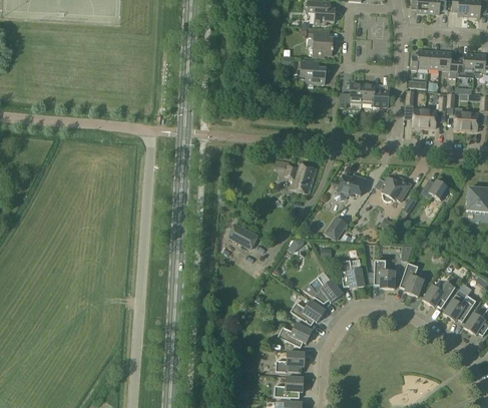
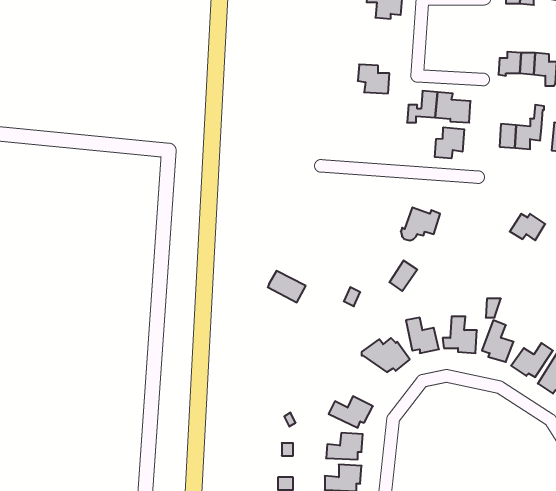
building: [310,30,334,56] -> none
building: none -> [435,127,464,158]
building: [287,161,318,194] -> none
building: [382,176,412,200] -> none
building: [290,301,325,326] -> none

